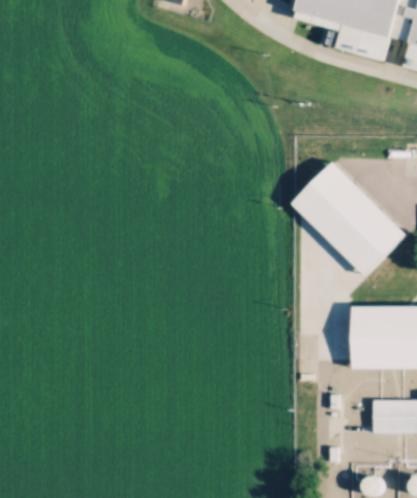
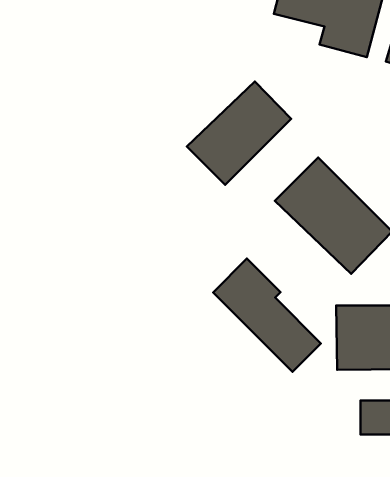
building: none -> [187,81,291,185]
building: none -> [213,259,321,372]

